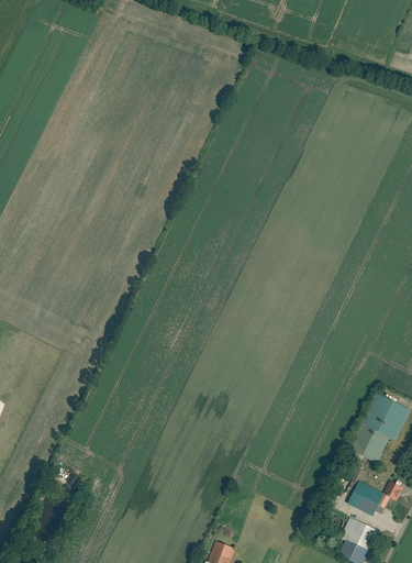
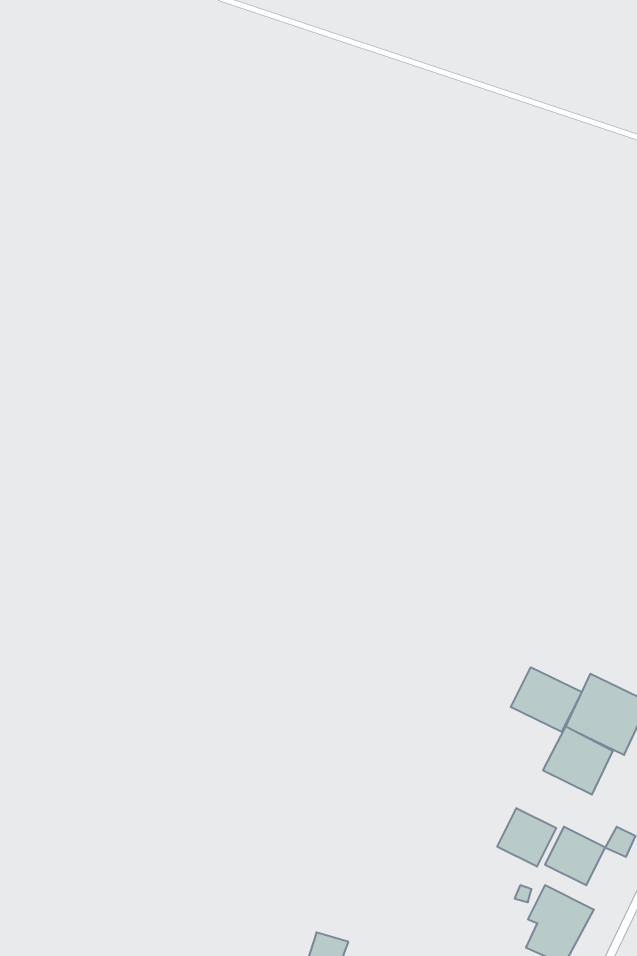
building: none -> [511,667,582,732]
building: none -> [497,808,556,867]

